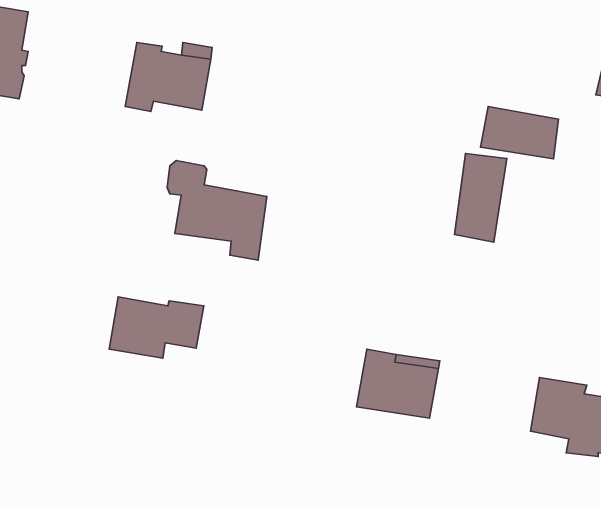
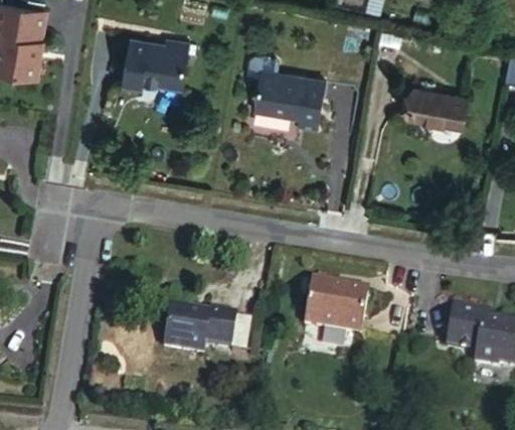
building: [454,153,507,242] -> none
building: [167,161,267,260] -> [246,52,325,131]
building: [109,297,204,358] -> [164,307,238,355]

